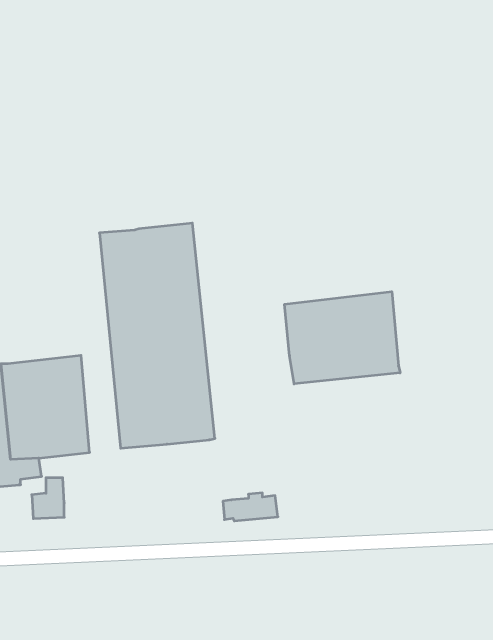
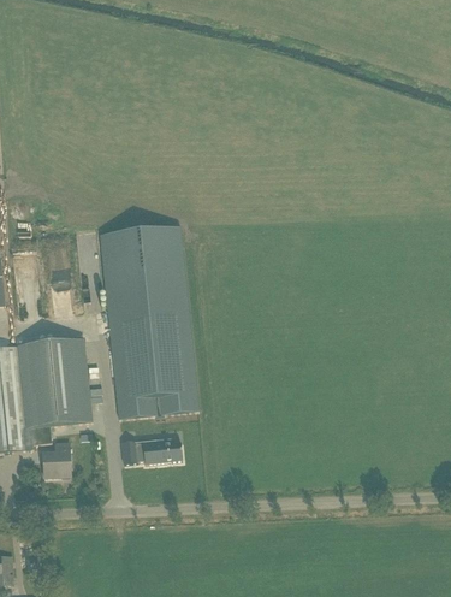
building: [285,292,400,384] -> none
building: [223,493,278,521] -> [135,438,182,462]

